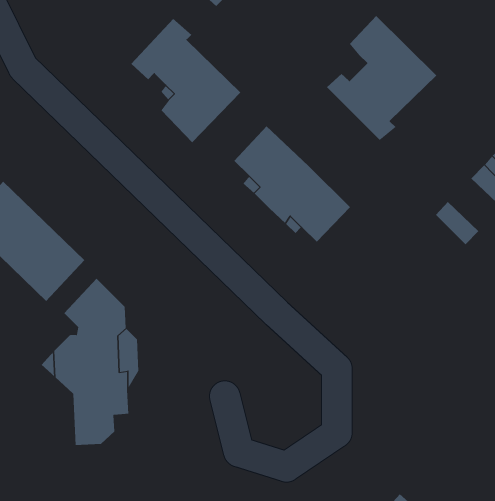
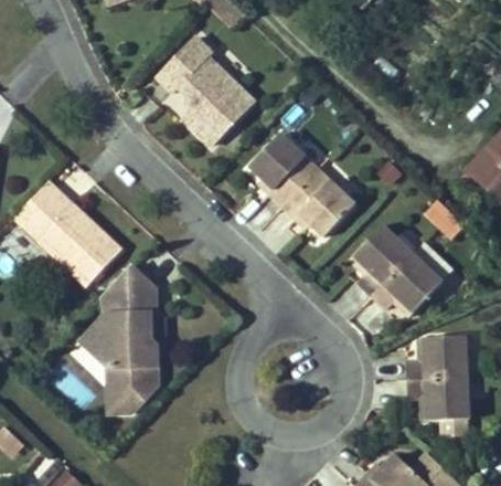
building: [326,15,437,141] -> none
building: none -> [352,225,443,316]
building: none -> [411,336,471,426]

